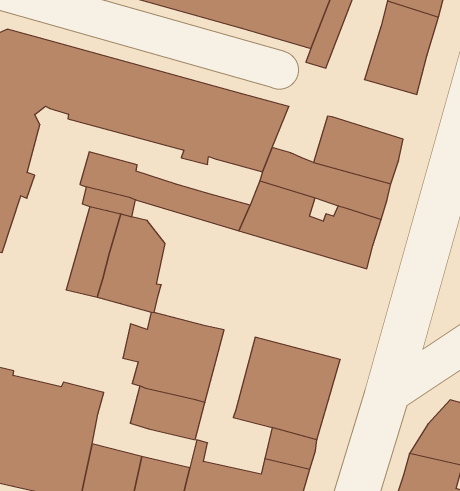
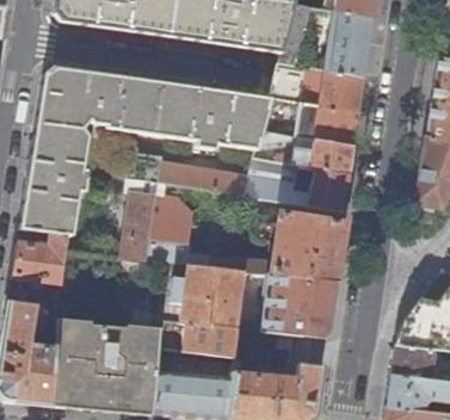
building: none -> [304,68,365,111]
building: none -> [191,214,343,282]

